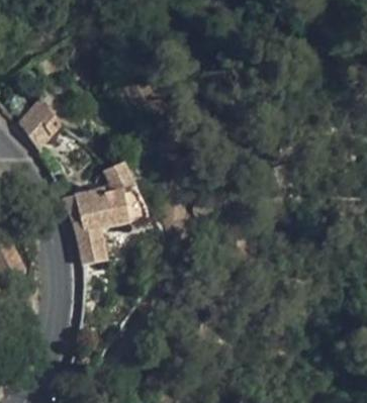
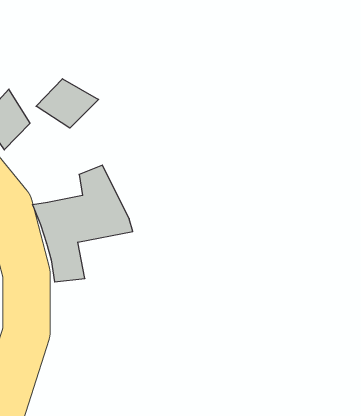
building: none -> [36,79,99,128]

